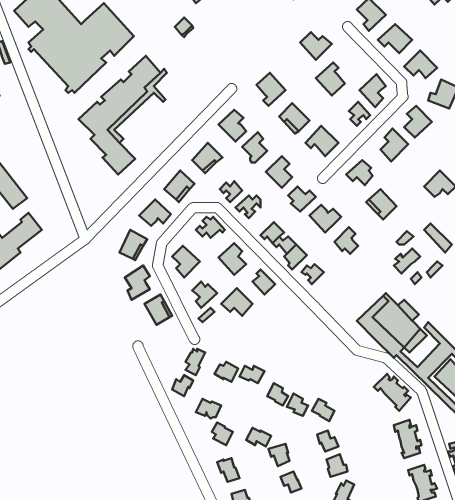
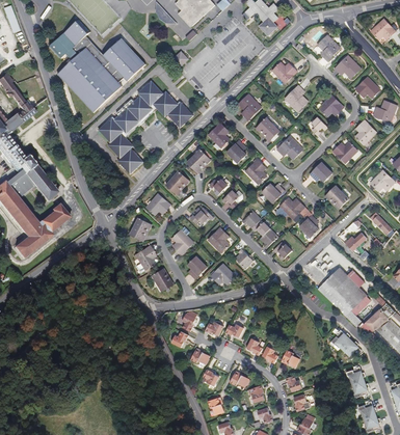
building: none -> [157,93,192,127]

